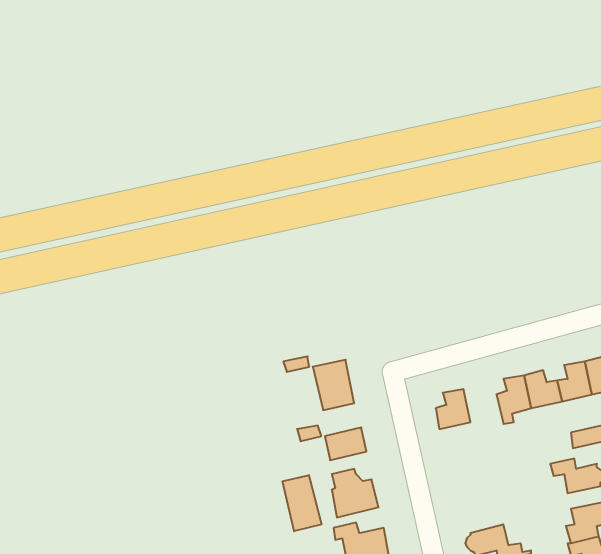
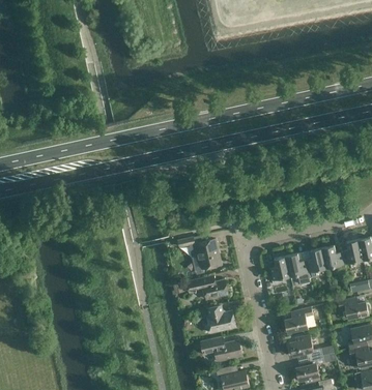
building: none -> [286,253,311,284]
building: none -> [285,307,312,332]
building: [283,475,322,531] -> none

